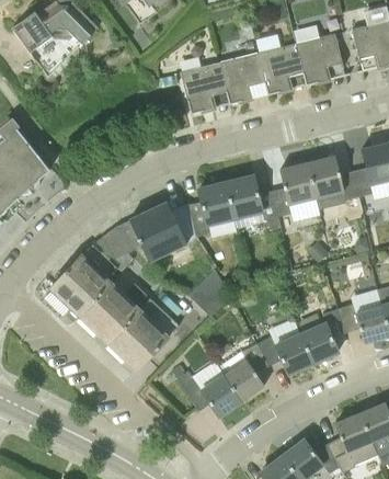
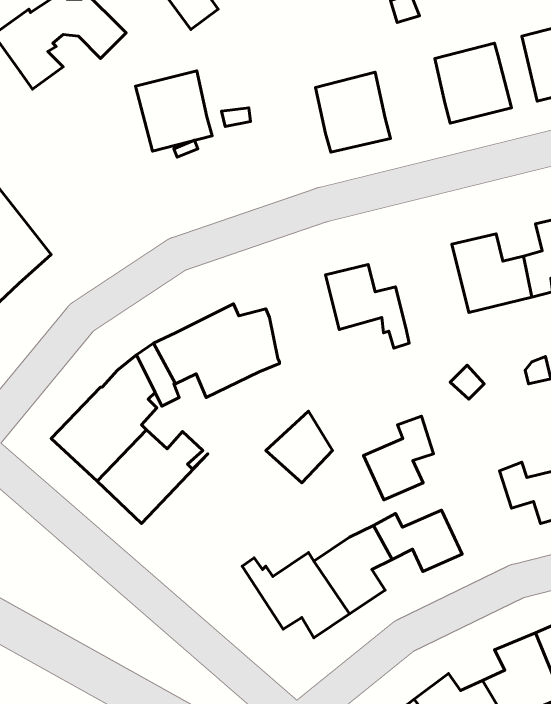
building: [259,43,307,94] -> none
building: [181,61,230,113] -> [135,71,212,151]
building: [272,162,317,216] -> none
building: [188,182,236,227] -> none
building: [108,297,180,369] -> none
building: [301,308,346,362] -> [363,416,433,500]

